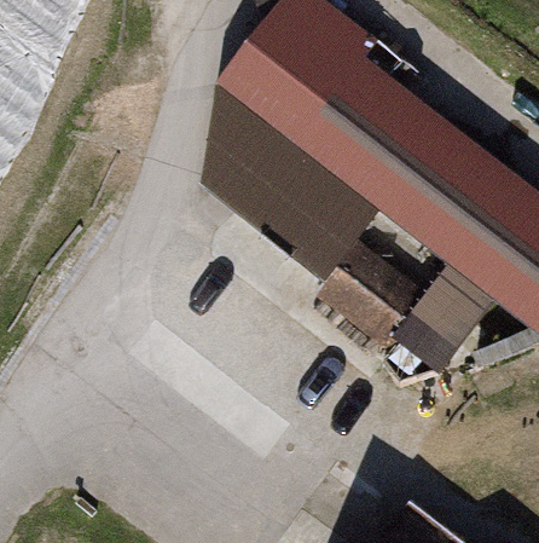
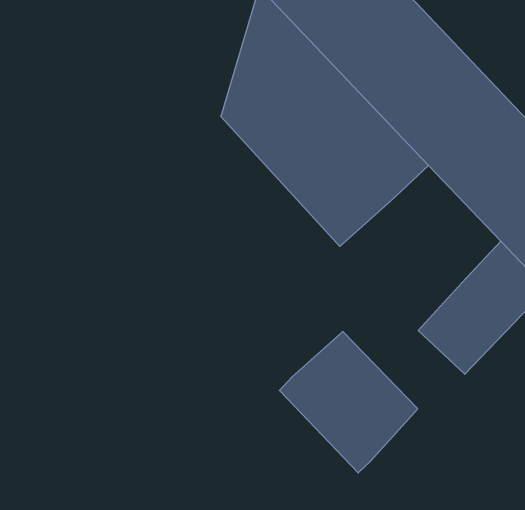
building: [319,232,433,345] -> [279,331,418,473]

